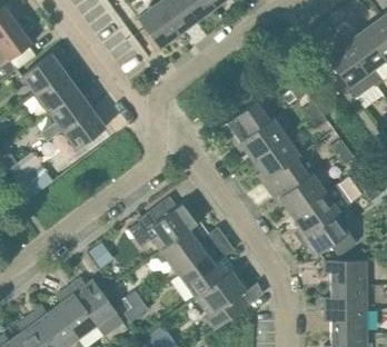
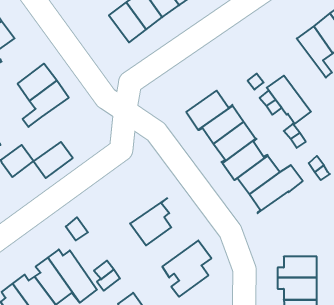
building: [326,44,375,98] -> [267,76,311,124]
building: [21,53,64,95] -> none
building: [62,110,106,150] -> [34,142,73,178]
building: [138,197,201,249] -> none
building: [301,214,357,257] -> none
building: [178,254,236,297] -> none
building: [324,261,367,286] -> none

